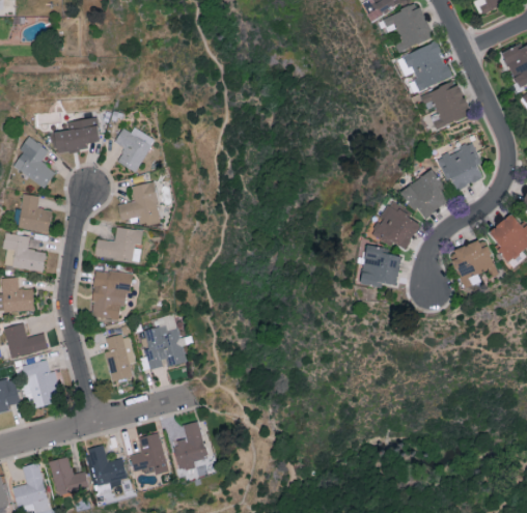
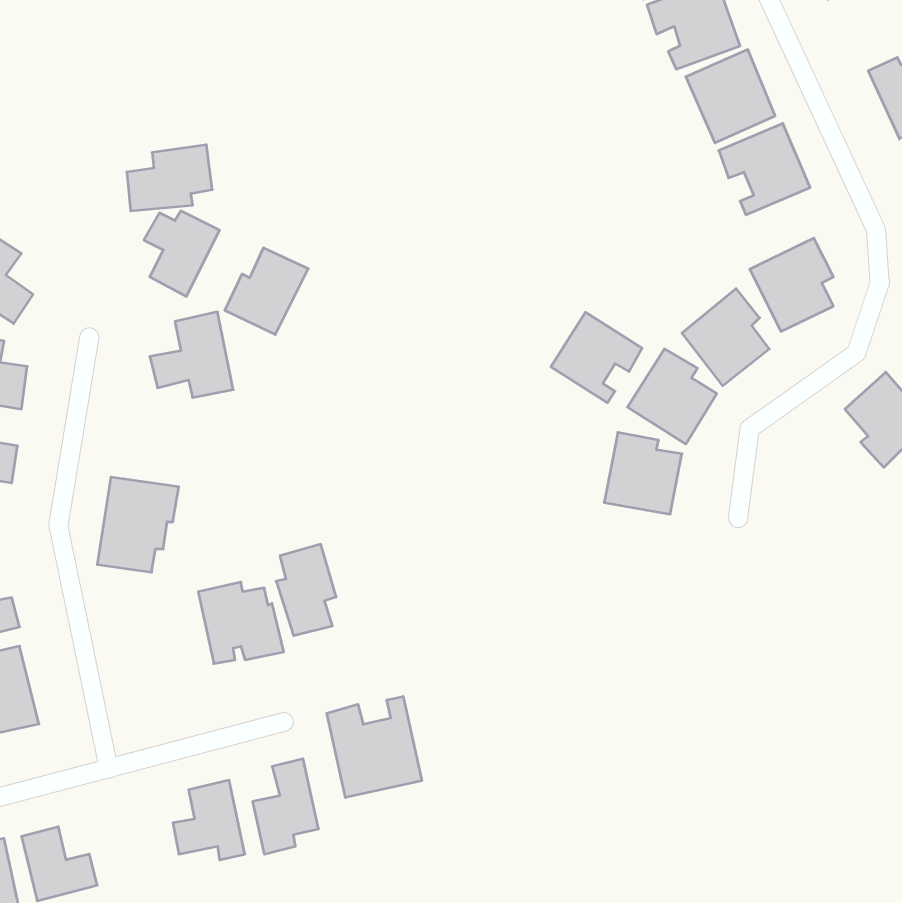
building: [53,118,99,153] -> [127,145,212,211]
building: none -> [225,248,308,335]
building: none -> [551,312,642,403]
building: [94,227,143,263] -> none
building: [453,241,498,289] -> none
building: [104,334,136,382] -> [276,544,336,636]
building: none -> [327,696,422,798]
building: [85,445,128,486] -> none

